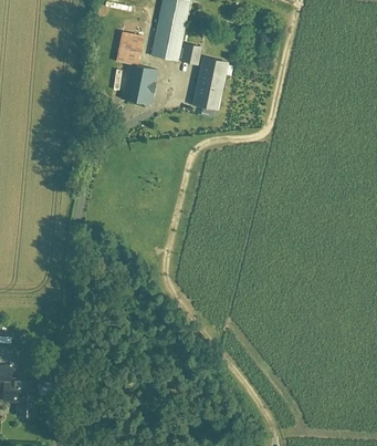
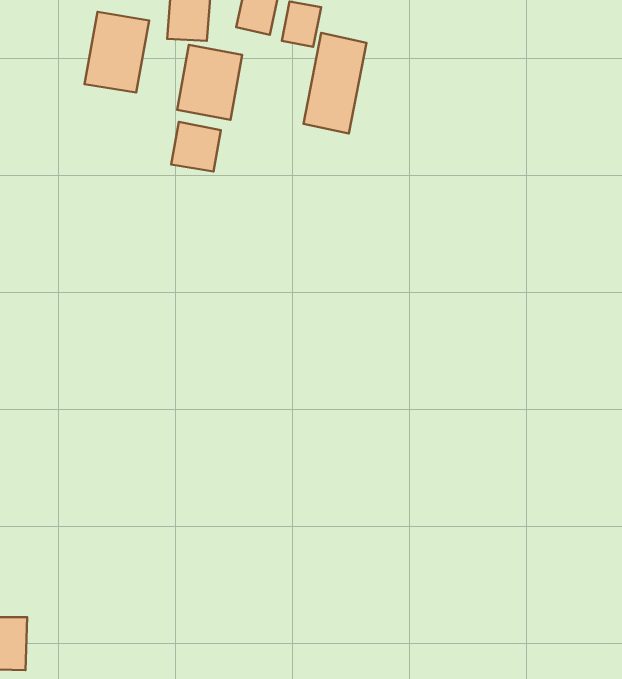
building: none -> [84,12,149,93]
building: none -> [171,122,221,172]

